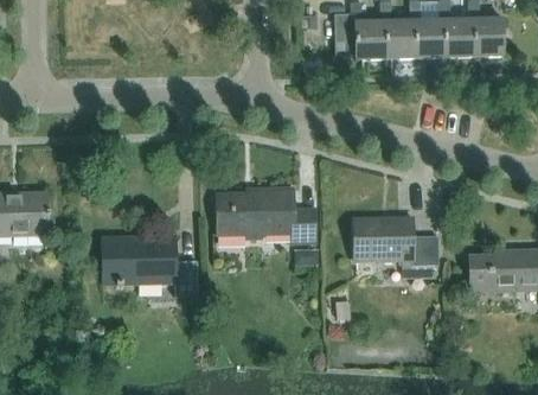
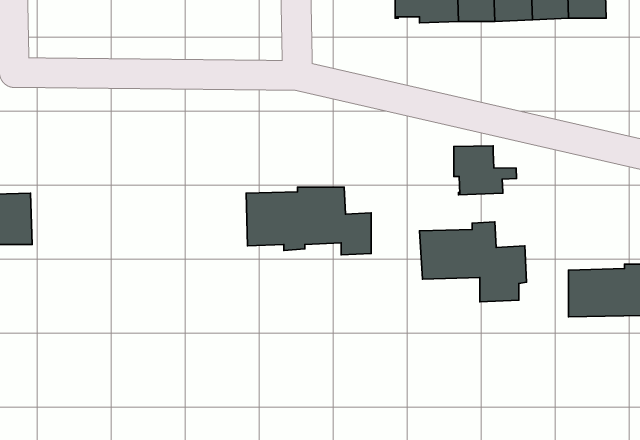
building: none -> [454,146,517,195]
building: [104,236,199,295] -> none

